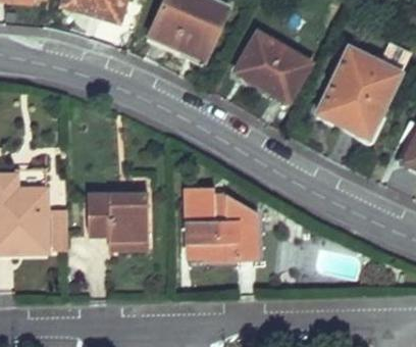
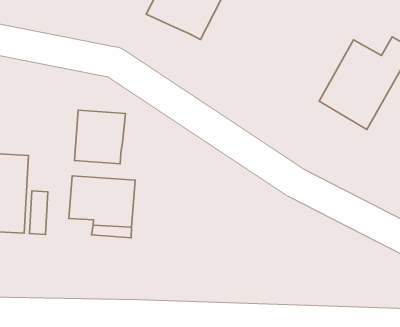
building: [235,33,310,103] -> none
building: none -> [75,110,126,164]
building: [184,190,253,263] -> none

